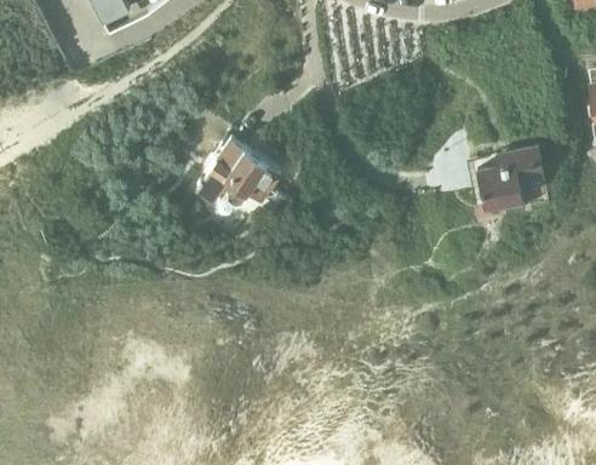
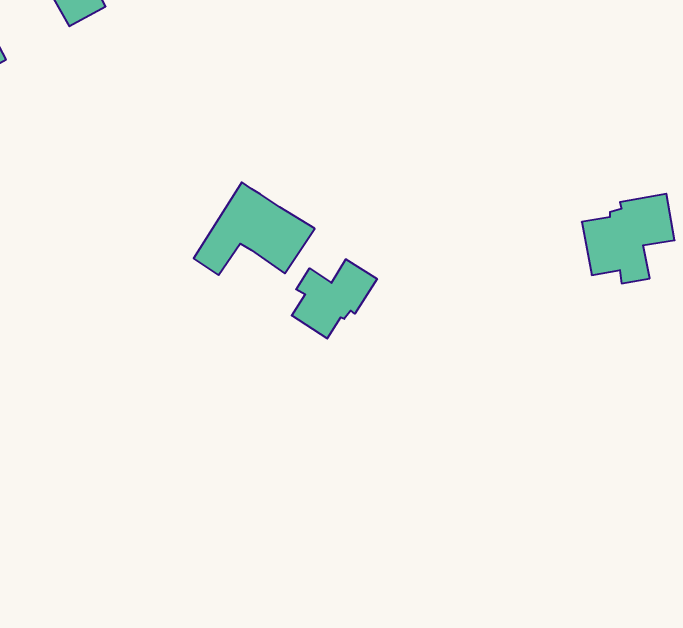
building: none -> [292,259,377,339]

